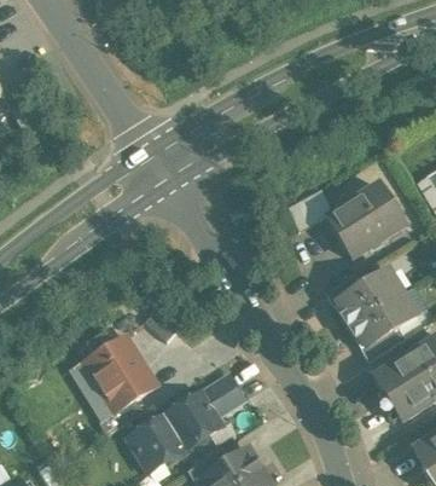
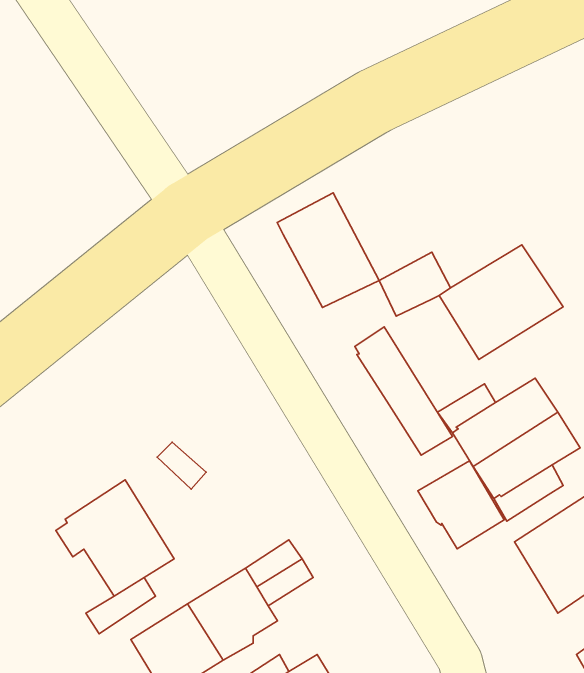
building: none -> [277,193,379,308]
building: none -> [355,327,453,455]
building: none -> [418,461,504,549]

